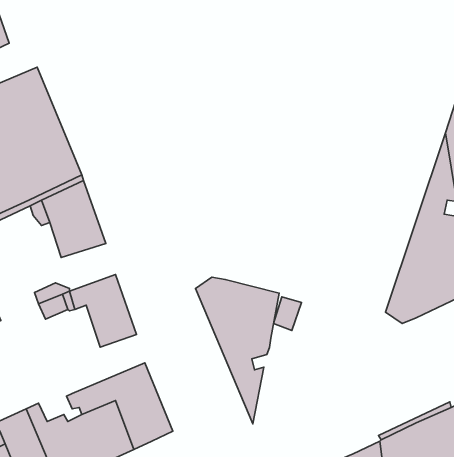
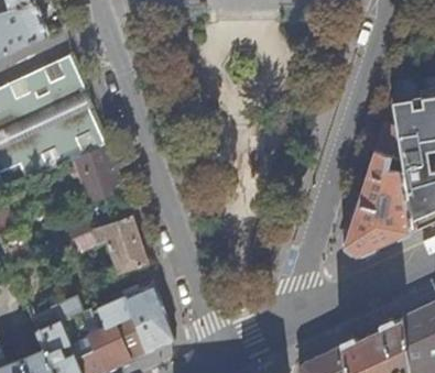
building: [195,277,279,424] -> none

